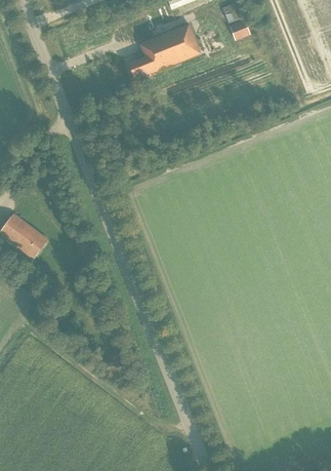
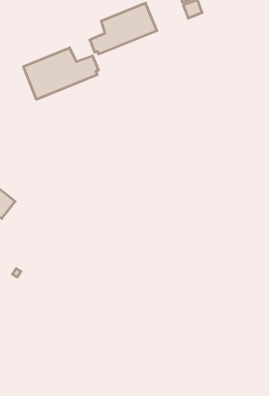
building: none -> [24,48,98,99]

